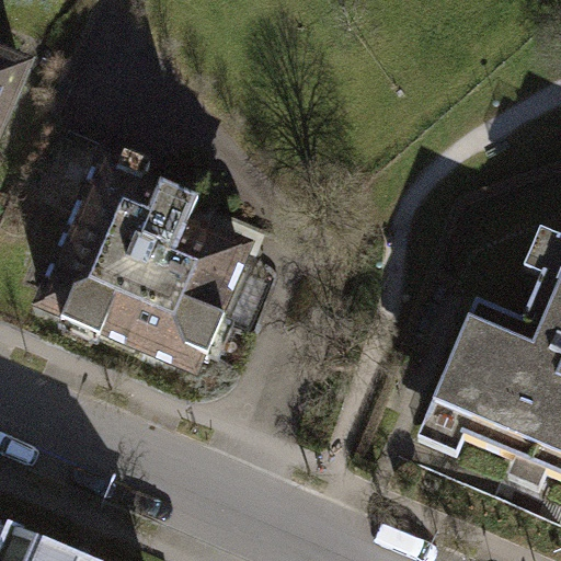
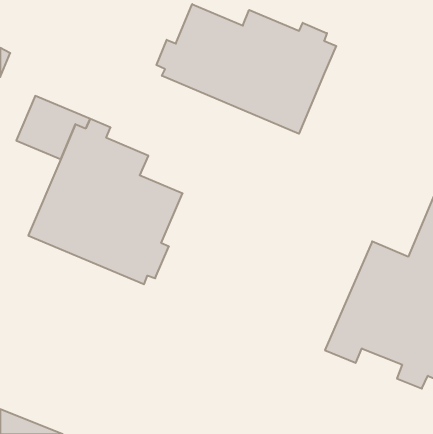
building: none -> [156,4,336,134]

